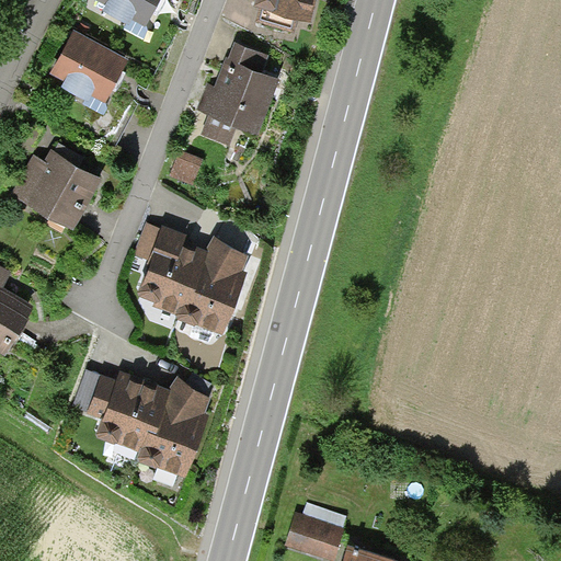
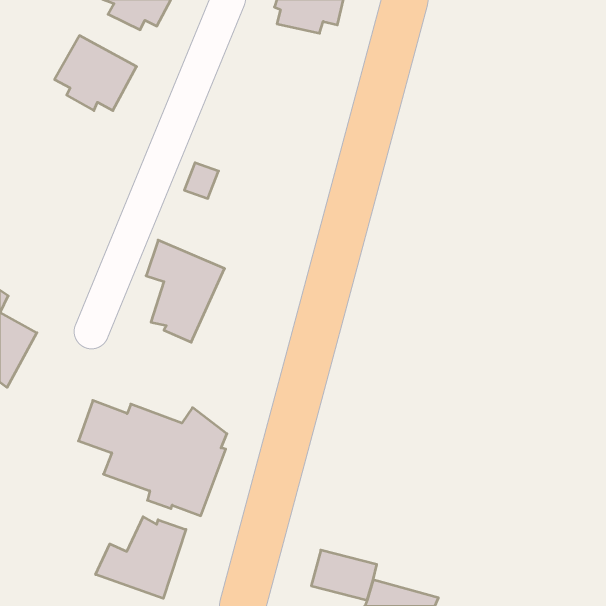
building: [199,42,277,144] -> none
building: [12,151,101,230] -> none
building: [174,237,249,333] -> none
building: none -> [96,517,186,598]

